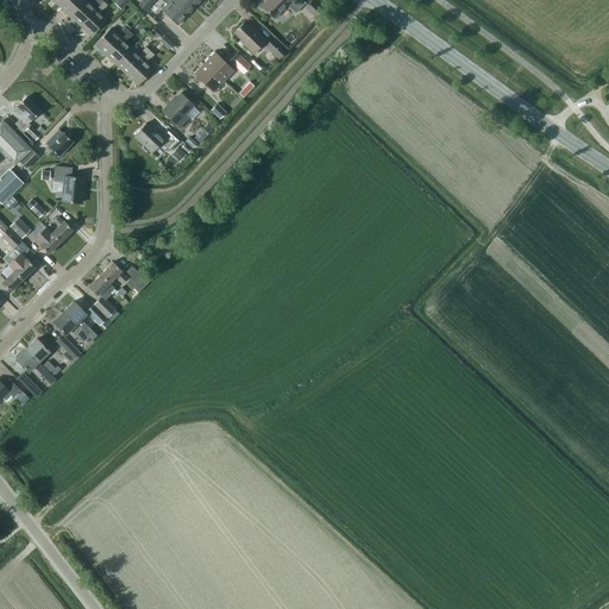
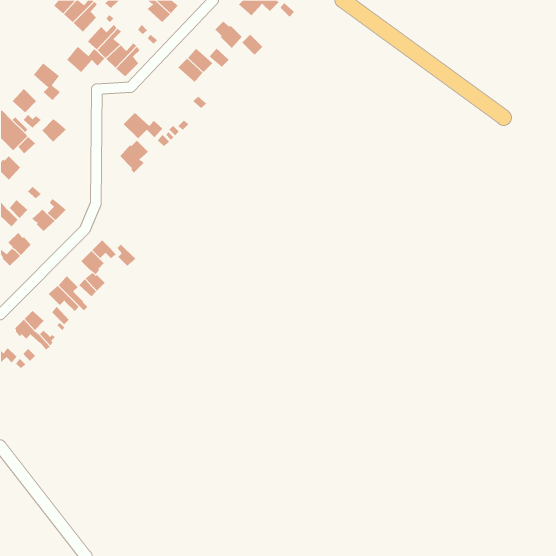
building: none -> [66,46,105,73]
building: none -> [33,62,61,101]
building: [162,93,194,130] -> [119,140,149,174]
building: [54,167,83,202] -> none

